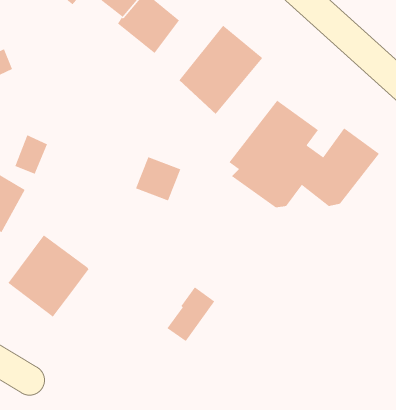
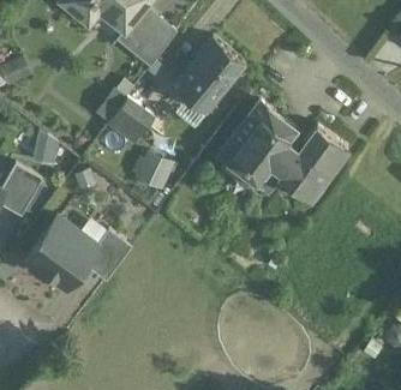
building: none -> [108,97,156,142]
building: [167,286,215,342] -> [84,228,126,276]

